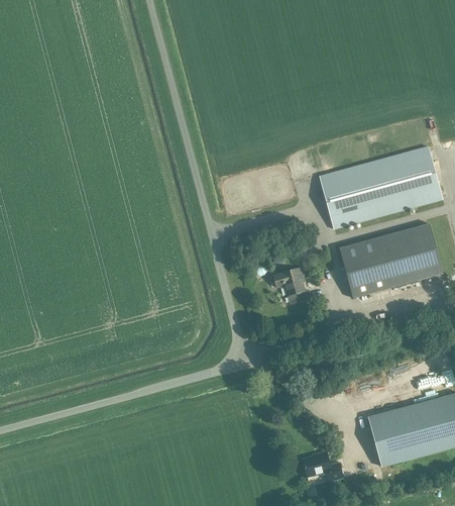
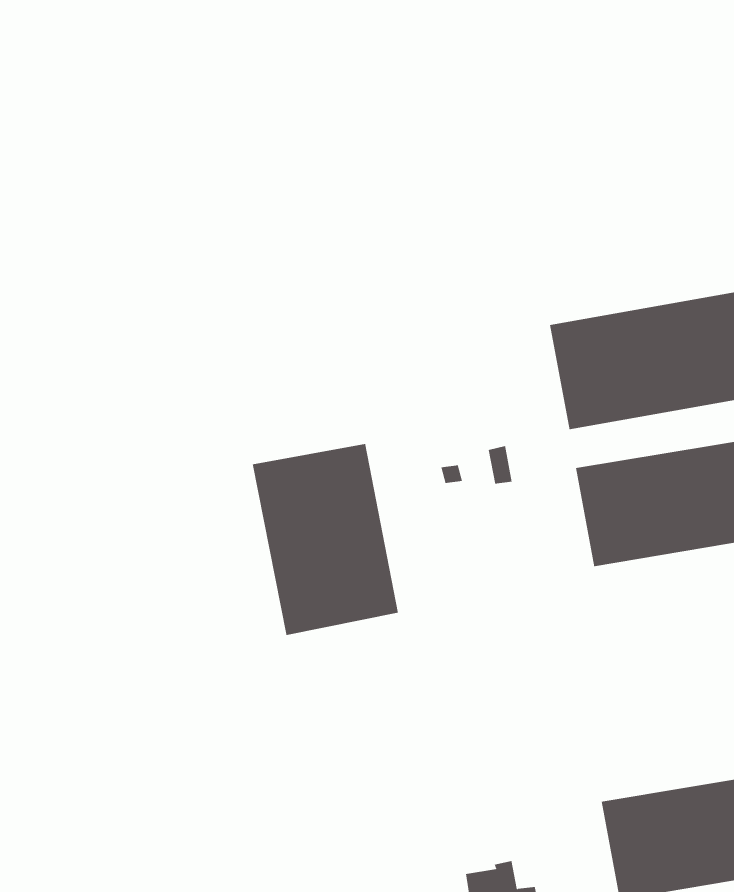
building: none -> [252,443,399,636]
building: [273,267,311,302] -> none

